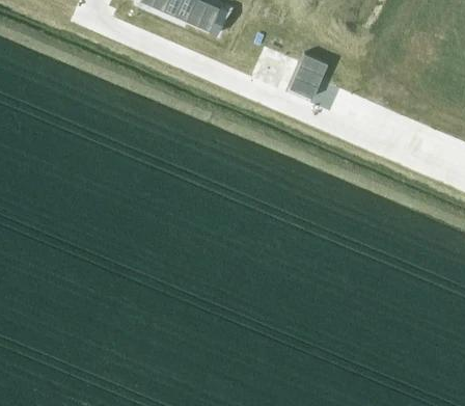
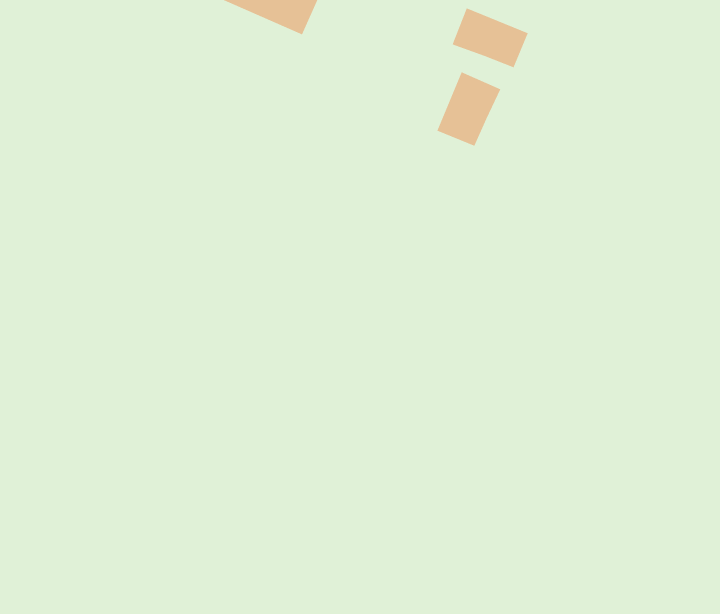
building: none -> [452,7,528,68]

